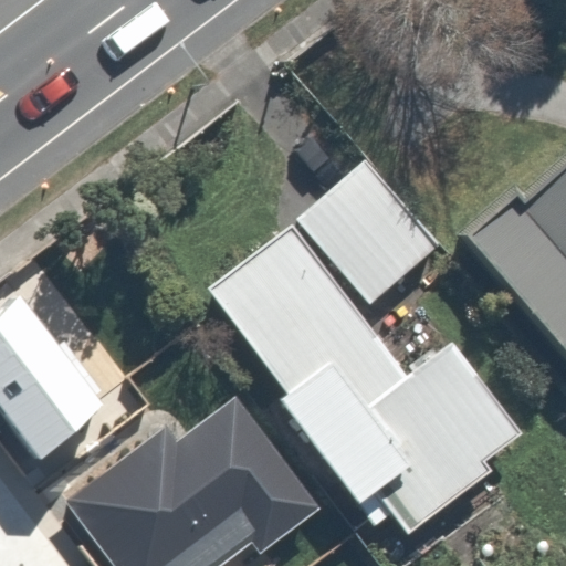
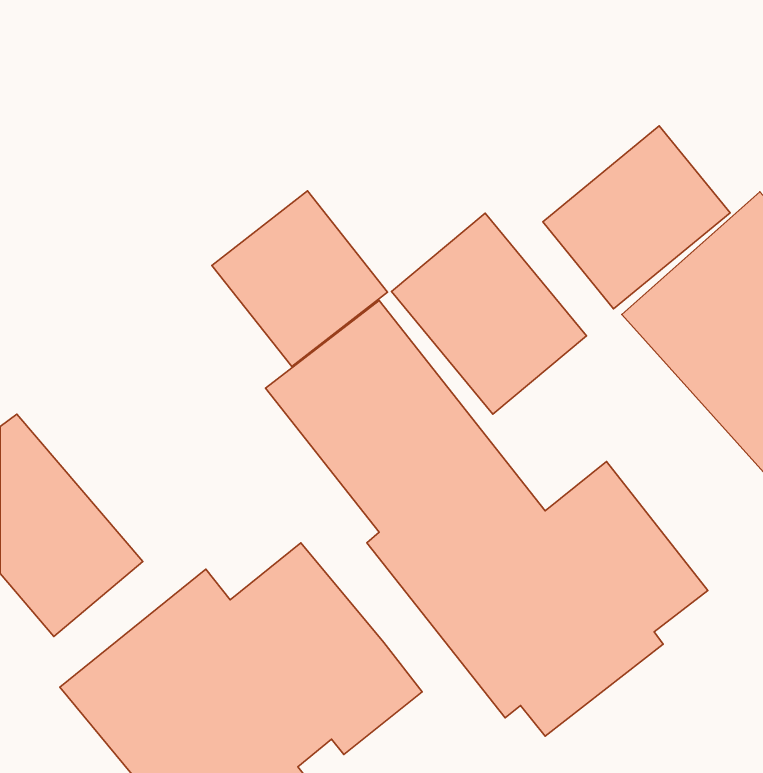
building: none -> [543,126,730,309]
building: none -> [212,191,387,367]

